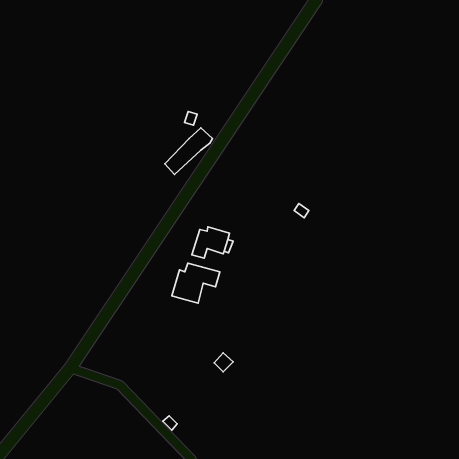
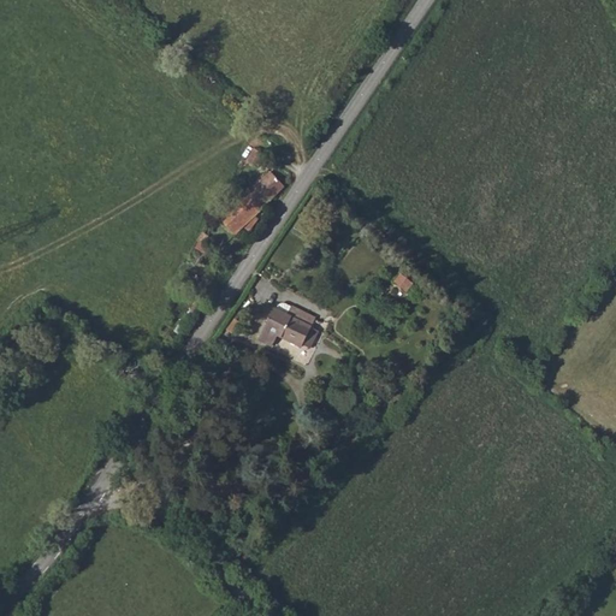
building: [172,263,220,303] -> none

